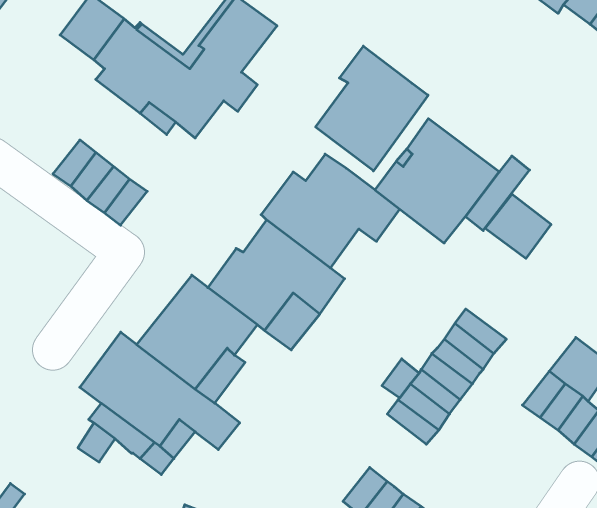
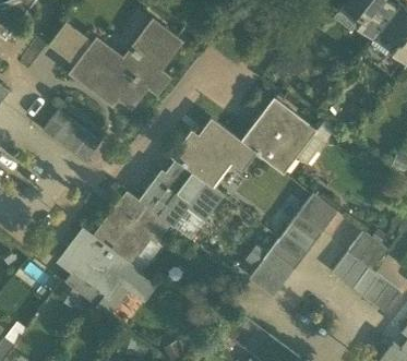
building: [316,46,428,171] -> none
building: [485,194,551,258] -> [296,193,336,232]

